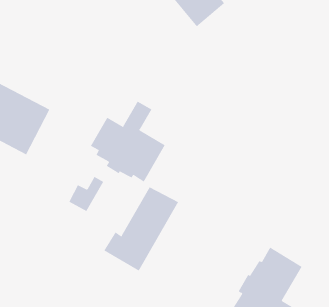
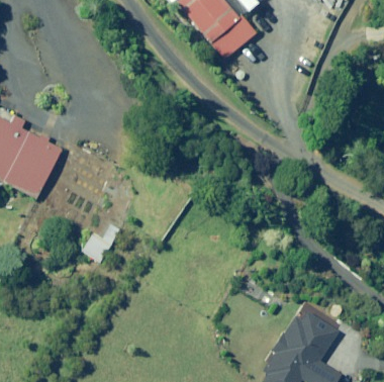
building: [90,101,166,183] -> none
building: [104,186,179,271] -> none

